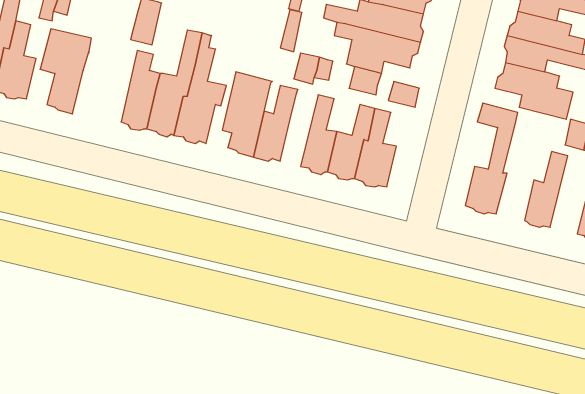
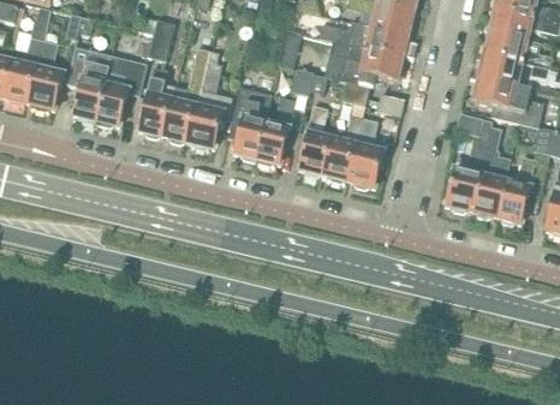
building: none -> [95,54,148,125]
building: none -> [472,147,512,216]

